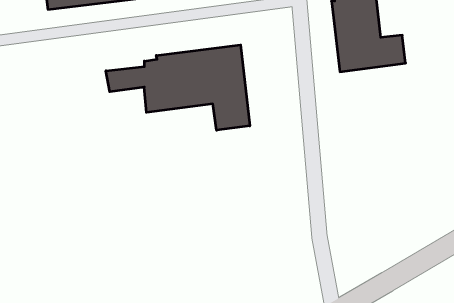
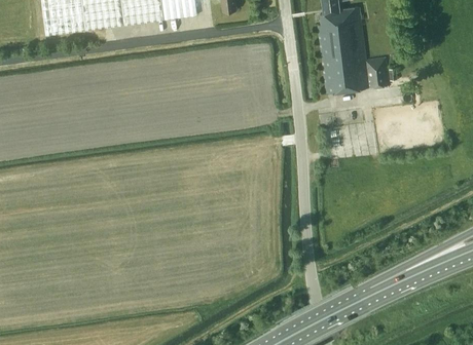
building: [106,45,250,130] -> none

